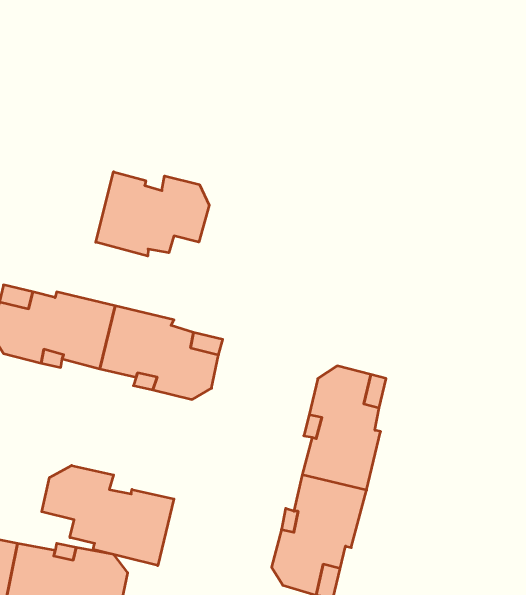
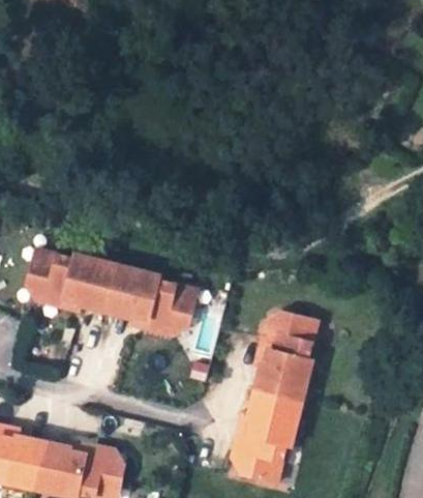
building: [96,172,209,256] -> none
building: [42,465,174,566] -> none

